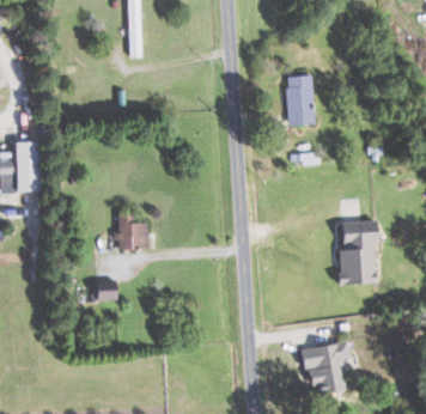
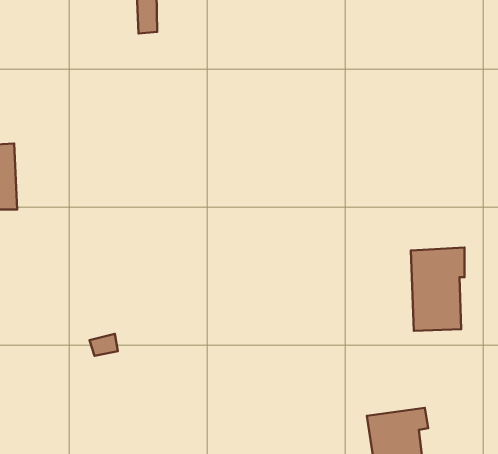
building: [287,74,315,124] -> none
building: [117,213,148,249] -> none

